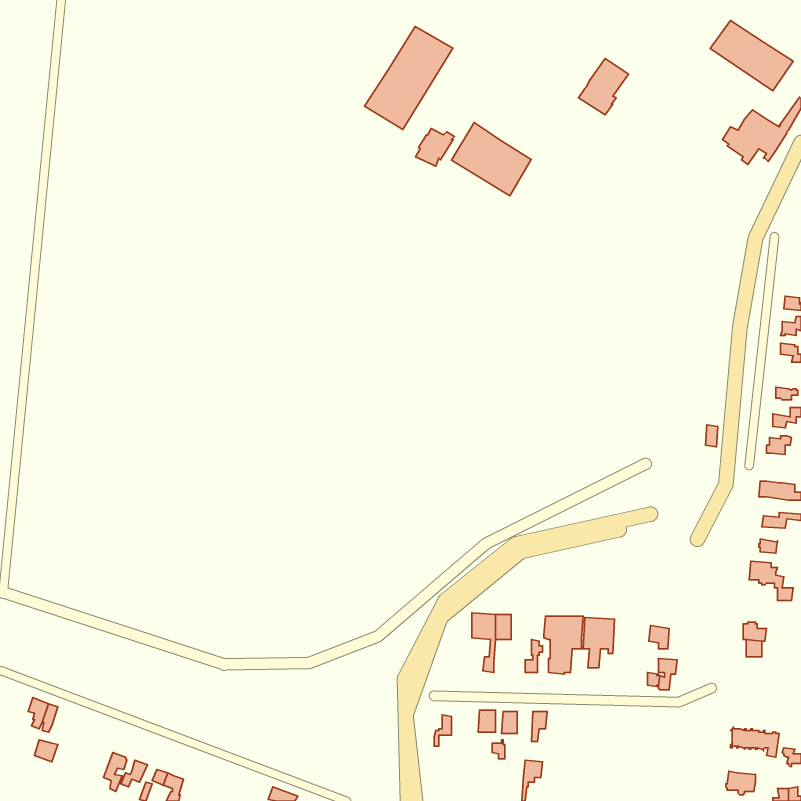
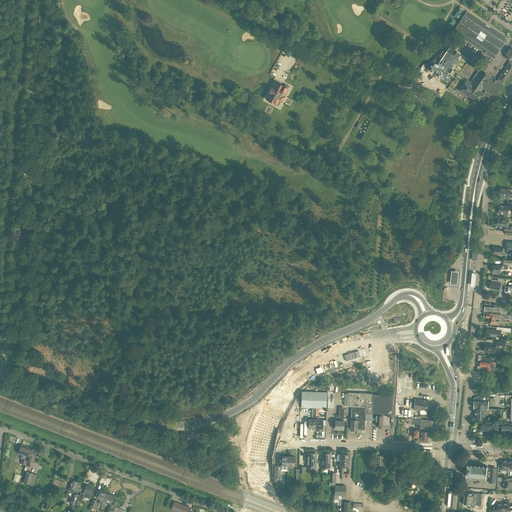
building: [364,27,453,129] -> none
building: [579,59,629,115] -> [428,44,460,80]
building: [452,123,531,196] -> none

